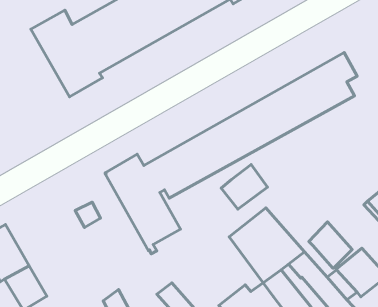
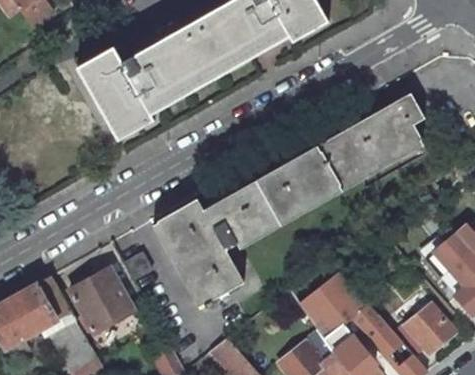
building: [221,165,268,209] -> none
building: none -> [70,267,134,332]
building: [309,222,352,268] -> none

